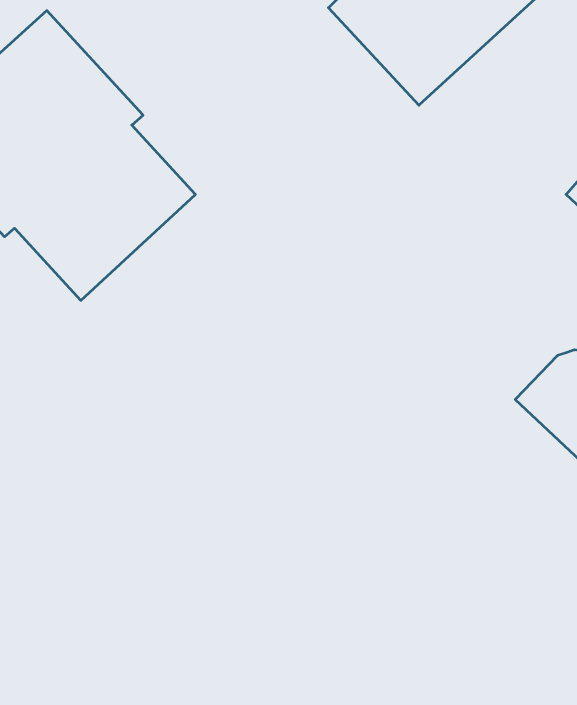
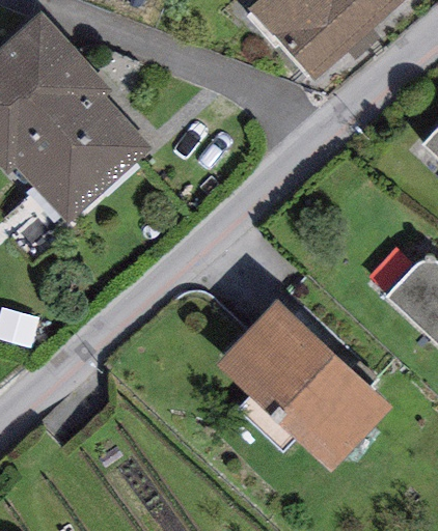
building: none -> [213,301,391,474]

